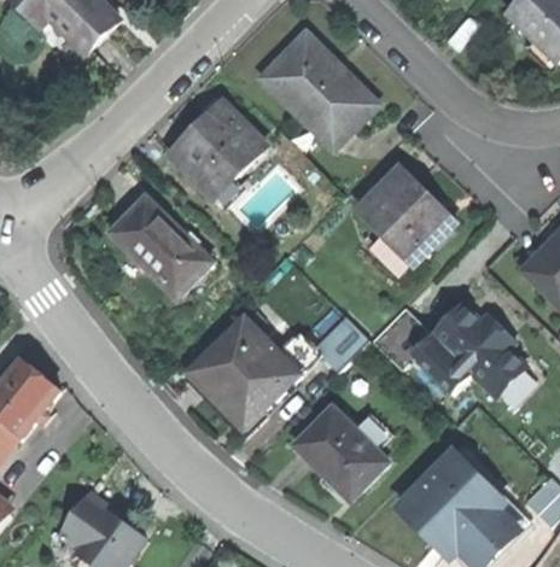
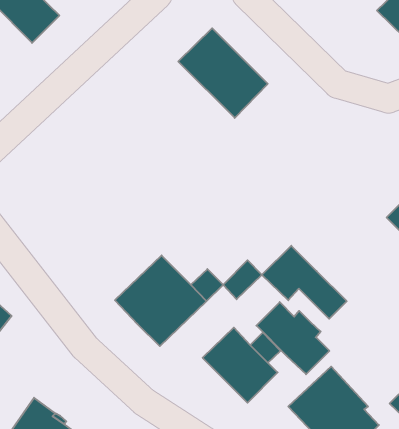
building: [170,105,263,197] -> none
building: [357,169,453,265] -> none
building: [110,198,210,297] -> none
building: [434,306,525,396] -> [256,302,329,374]

